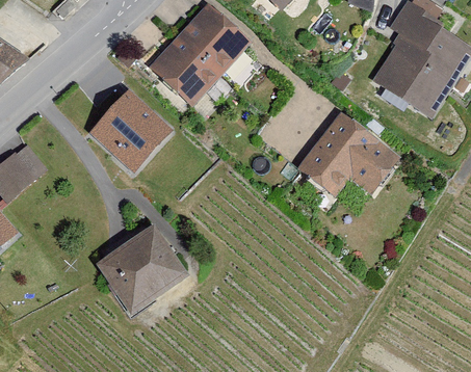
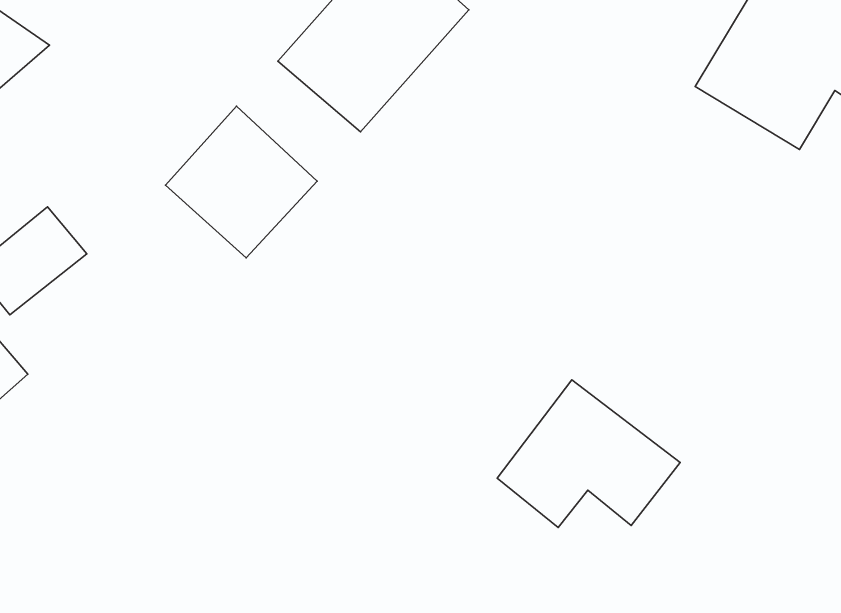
building: [302,118,398,196] -> [497,380,680,528]
building: [95,225,184,310] -> none

